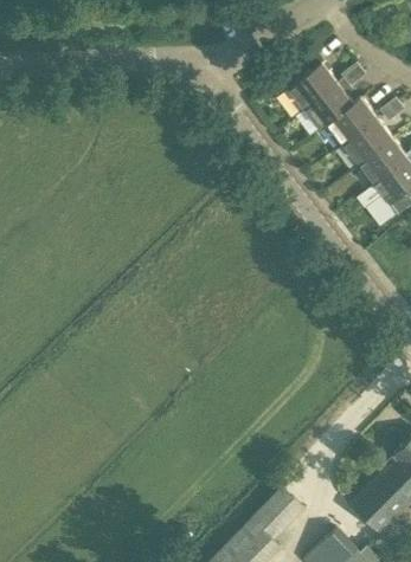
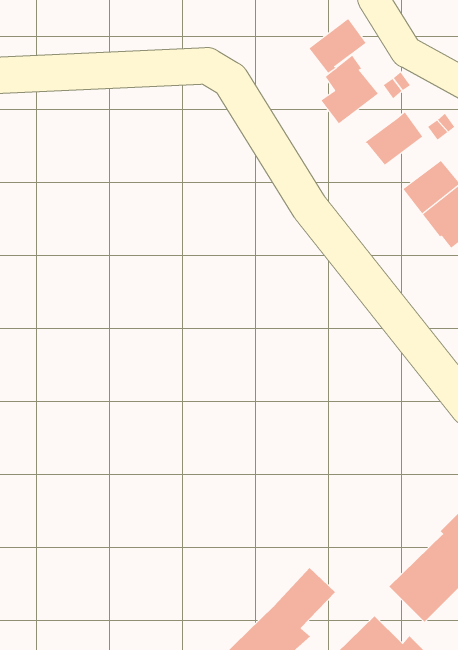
building: [304,83,354,130] -> [308,18,367,73]
building: [343,119,392,164] -> none

